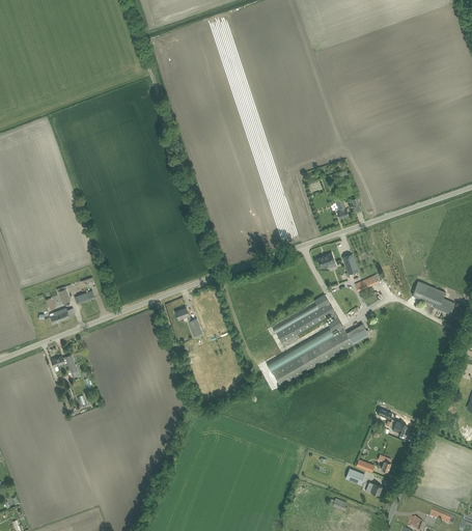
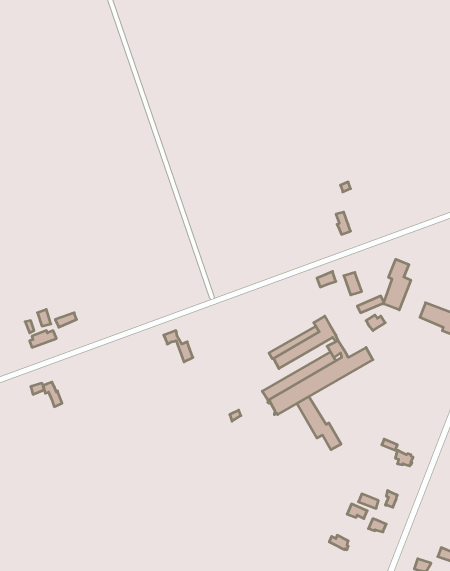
building: none -> [384,259,411,310]
building: none -> [297,397,341,450]

